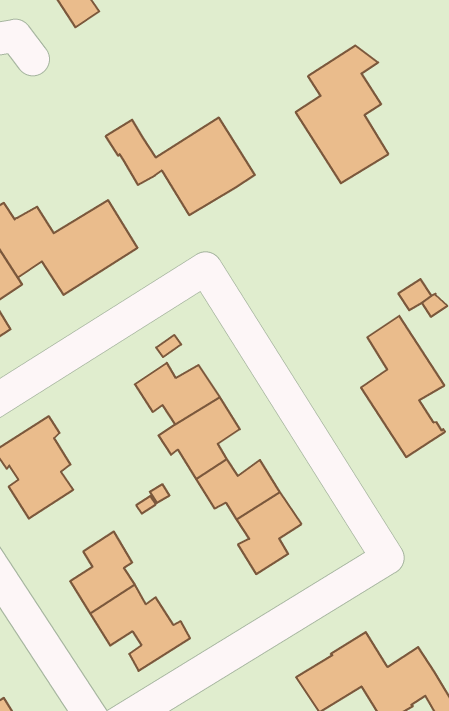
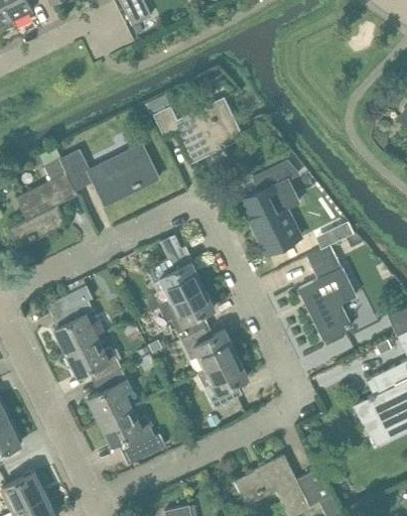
building: [296,46,388,183] -> [242,161,301,253]
building: none -> [64,338,121,380]

